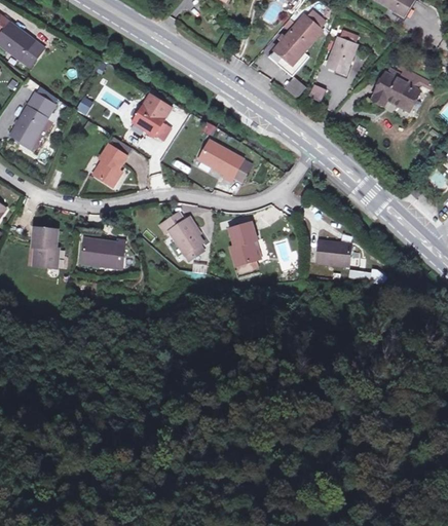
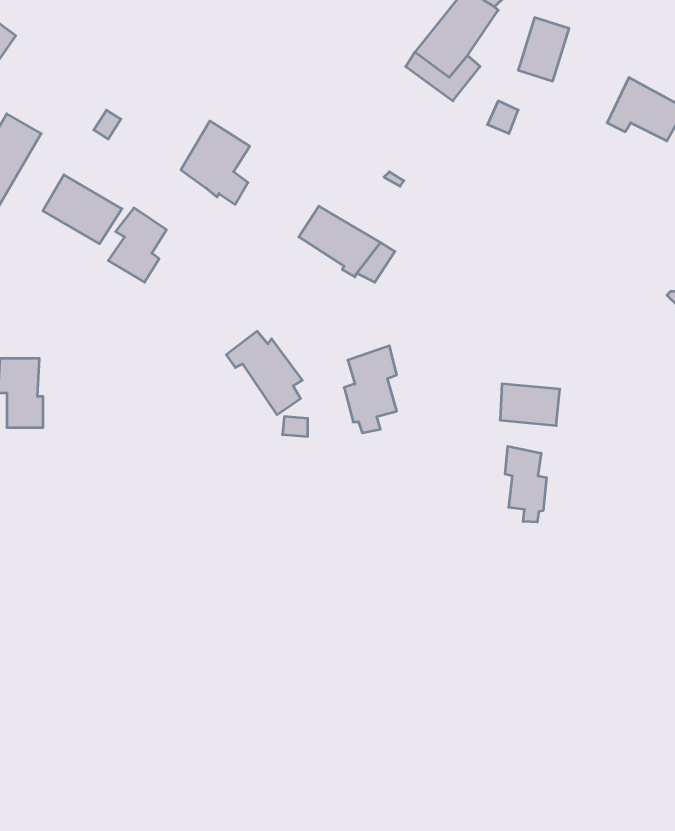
building: none -> [43,175,122,244]
building: [83,239,122,267] -> none
building: none -> [505,446,547,522]

